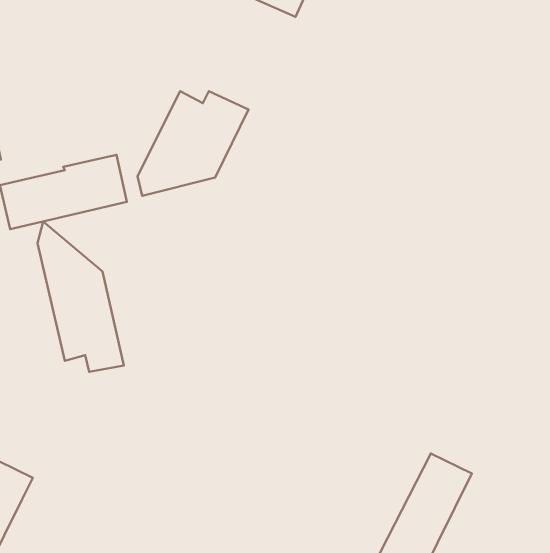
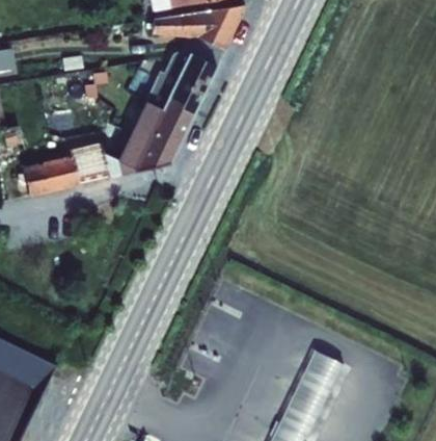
building: none -> [145,51,215,113]
building: [37,221,124,372] -> none

